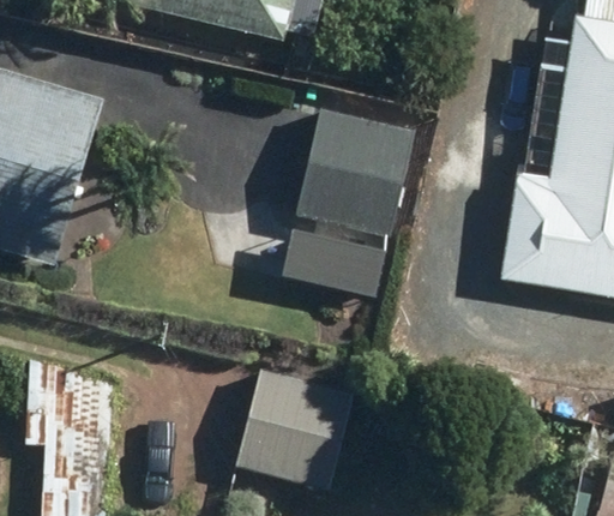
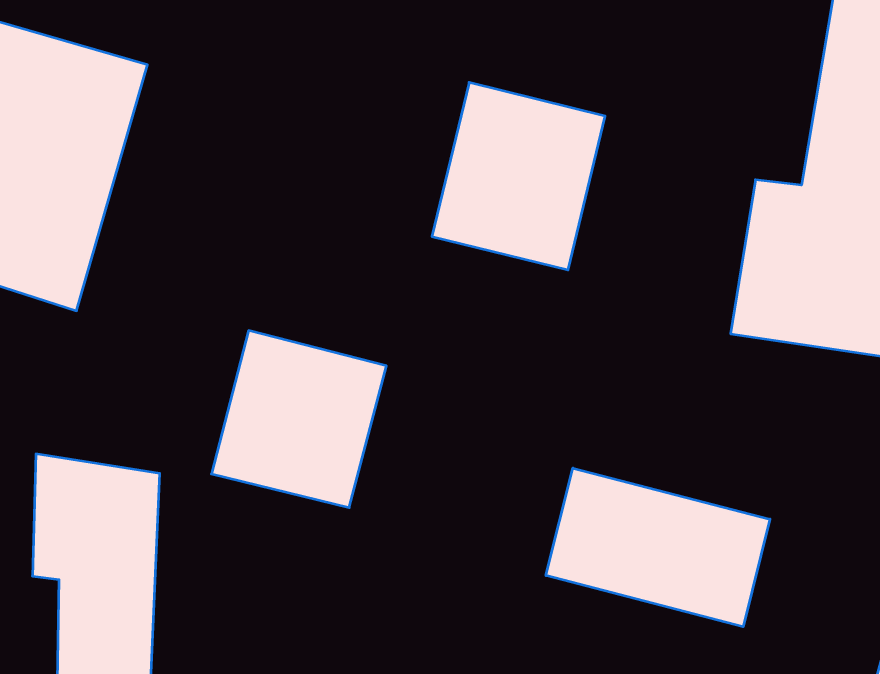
building: [236,368,355,488] -> [211,331,386,508]
building: none -> [546,468,770,627]

